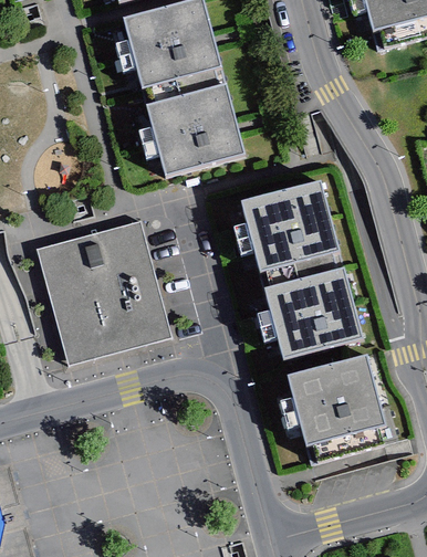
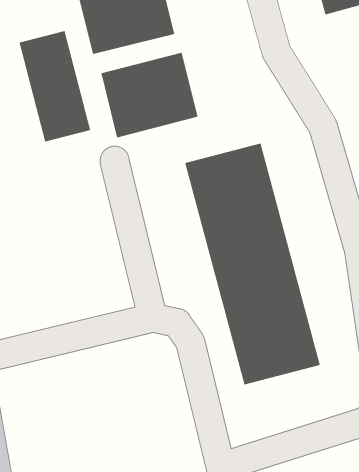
building: none -> [18,30,91,142]
building: [37,218,174,361] -> none

